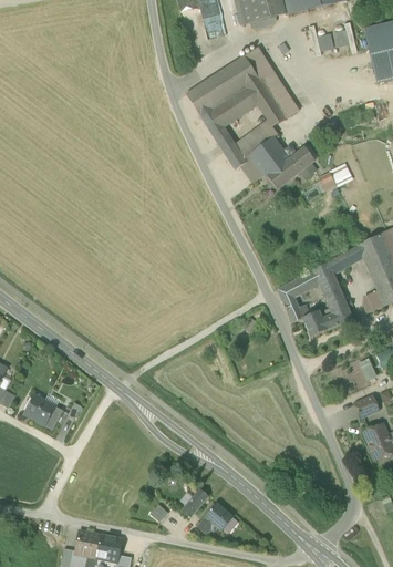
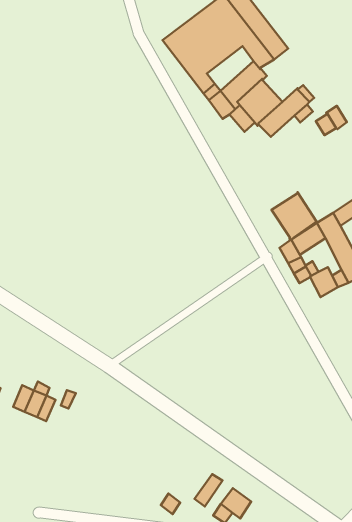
building: none -> [272,192,317,240]

